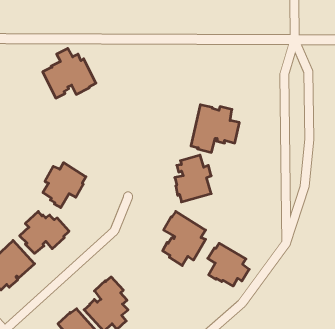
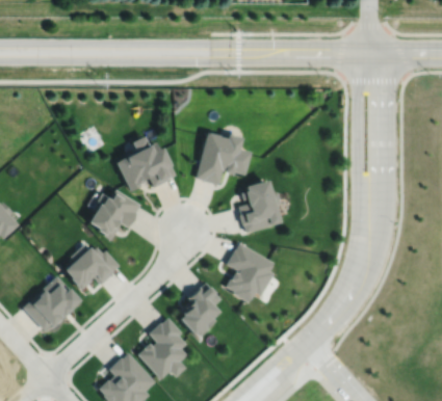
building: [43,48,96,98] -> [115,137,175,192]
building: [191,105,239,152] -> [196,133,250,186]
building: [208,243,249,286] -> none
building: none -> [179,284,219,335]

